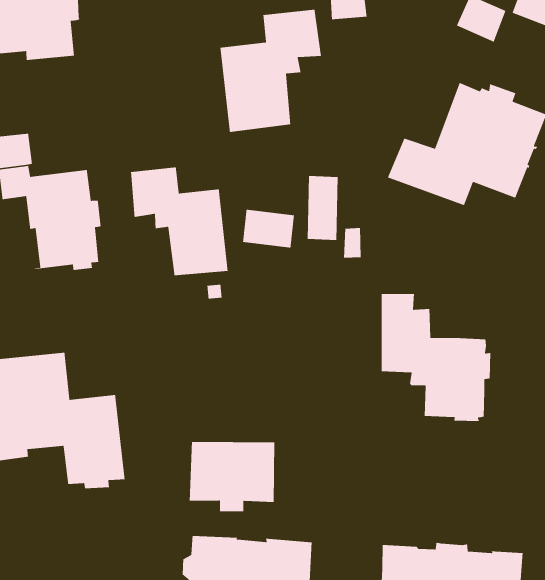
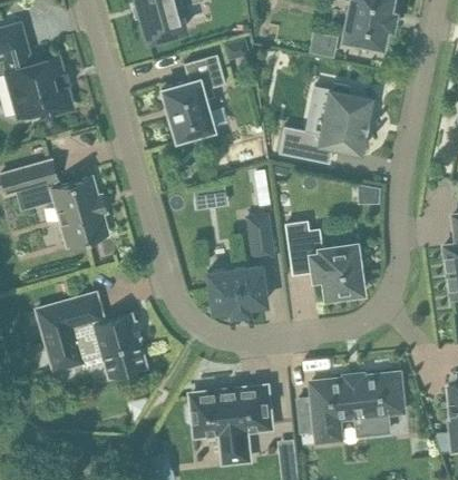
building: [130,166,228,276] -> none
building: [307,175,338,241] -> [247,216,272,258]
building: [189,441,275,512] -> [207,266,265,315]

